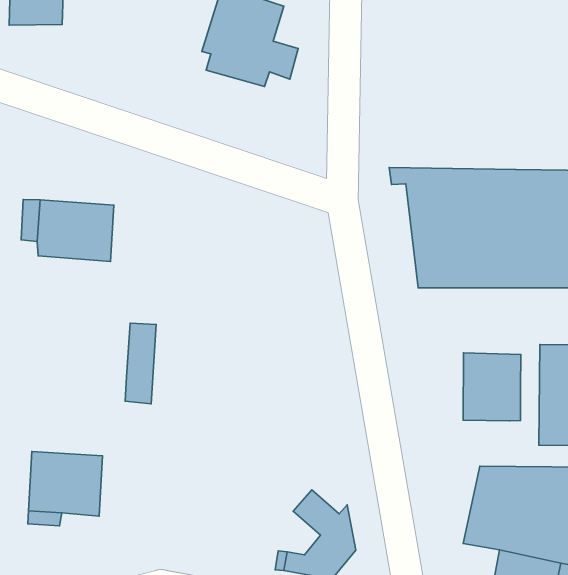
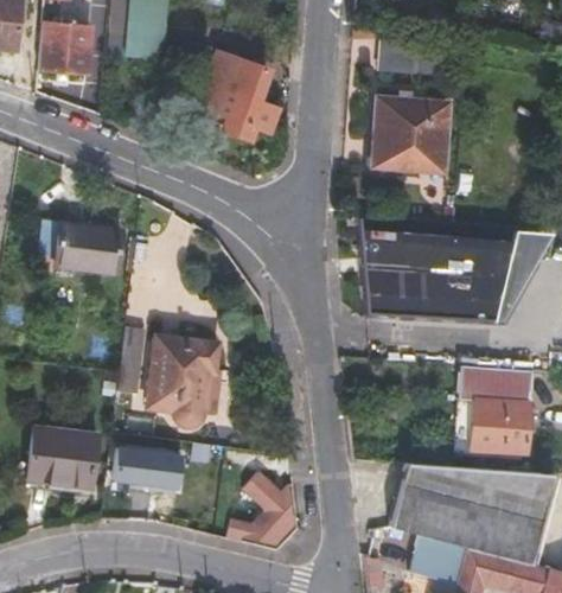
building: none -> [372,97,448,171]
building: none -> [151,337,221,422]
building: [463,353,521,421] -> none
building: none -> [114,448,184,487]

